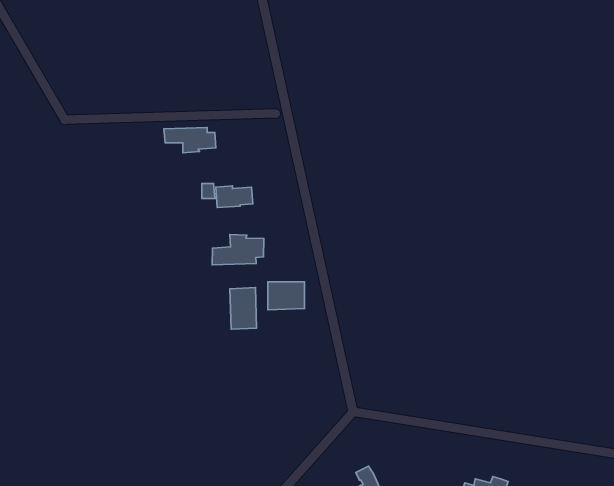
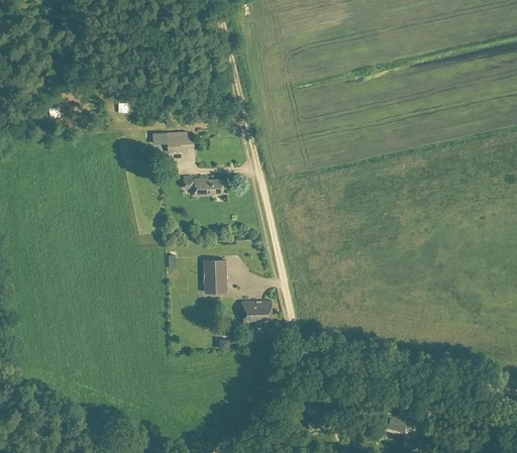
building: [212,235,264,265] -> none
building: [268,282,305,310] -> [241,301,271,323]

